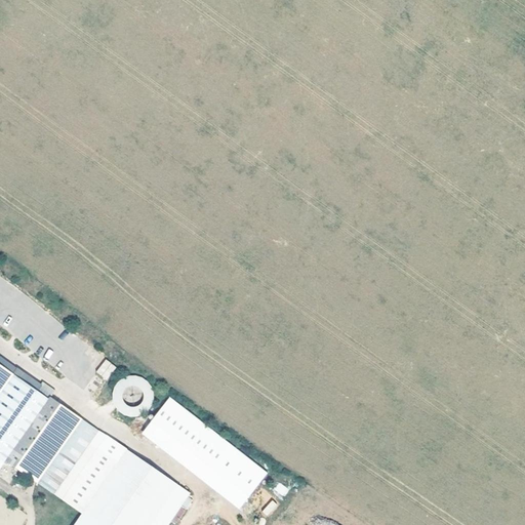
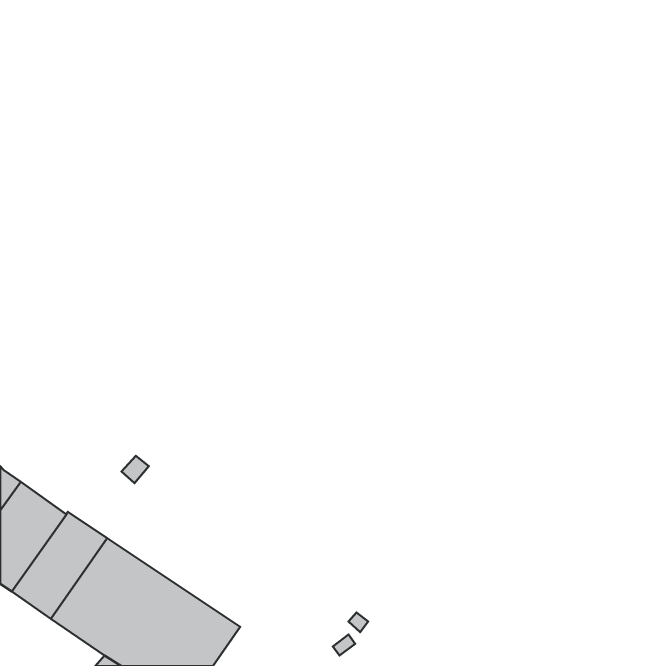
building: [142,395,269,508] -> none

